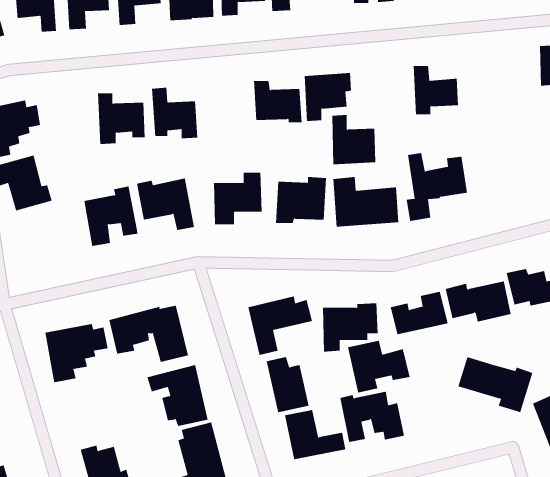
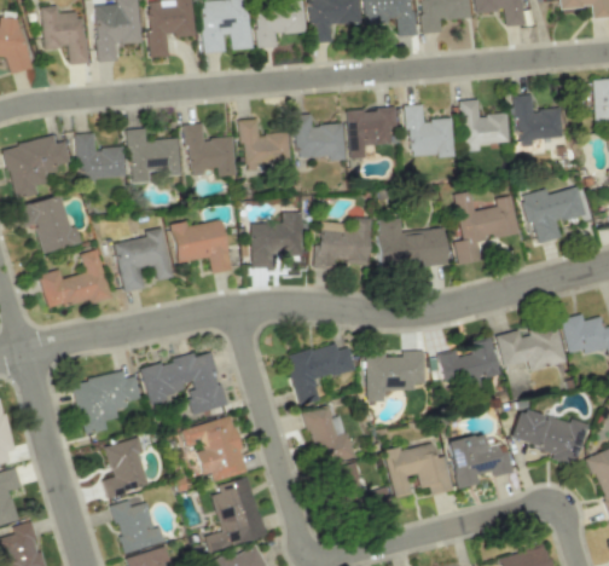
building: none -> [515,96,564,149]
building: none -> [239,120,290,171]
building: none -> [77,133,126,180]
building: [331,114,376,165] -> [407,105,454,158]
building: none -> [522,187,586,244]
building: none -> [40,249,111,310]
building: [347,340,410,393] -> [447,434,514,490]
building: none -> [103,438,149,498]

